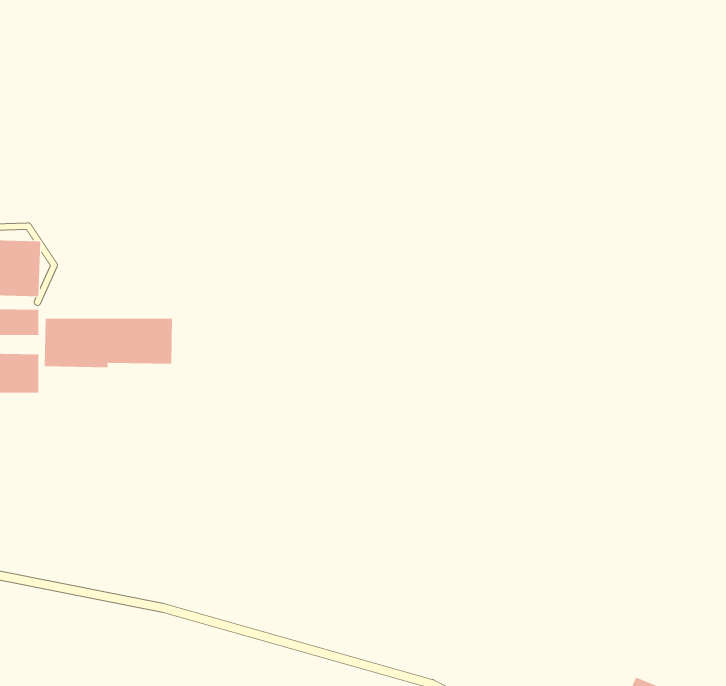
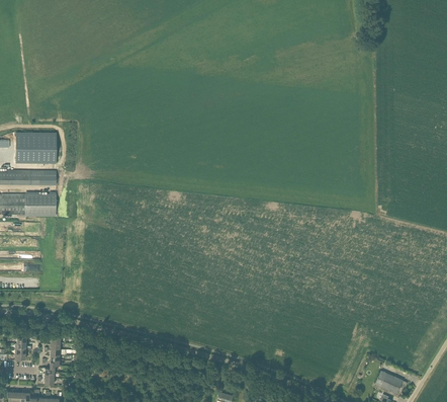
building: [44,318,173,368] -> none

